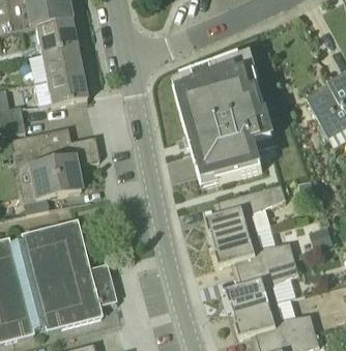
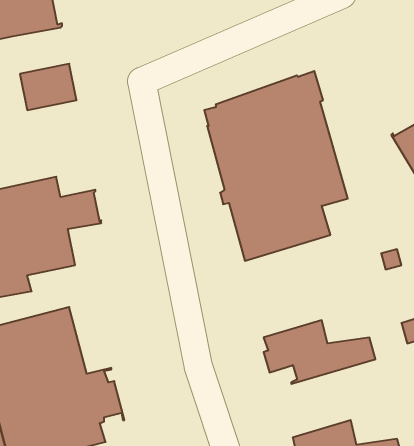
building: [36,21,77,54] -> none
building: [34,72,87,107] -> none
building: [206,183,286,242] -> none
building: [226,258,299,314] -> none

